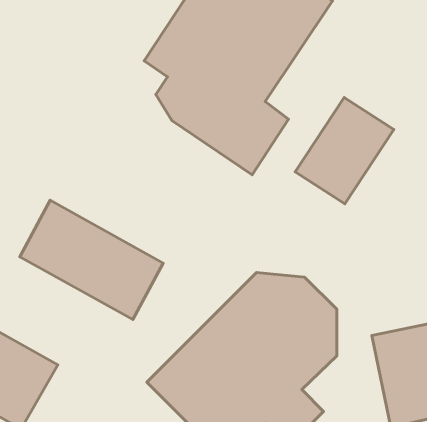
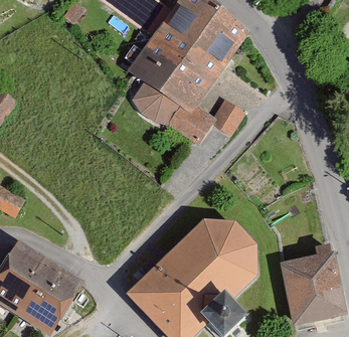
building: [295,97,394,204] -> none
building: [20,200,163,320] -> none

